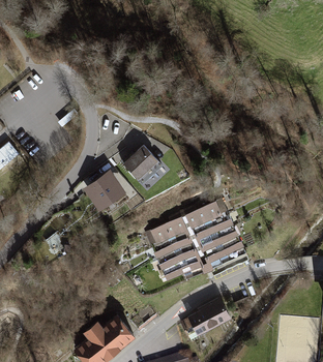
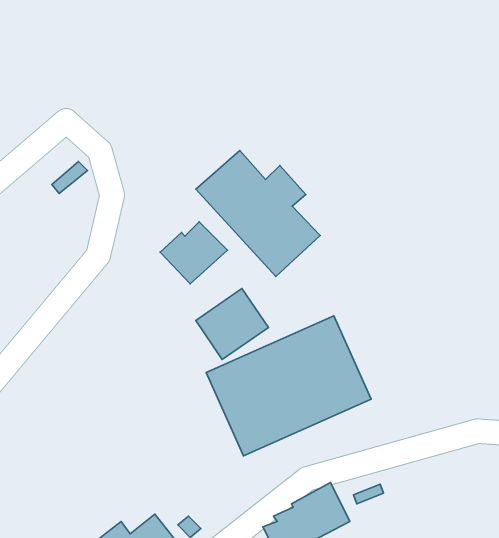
building: none -> [196,150,320,276]
building: [83,169,125,210] -> [196,289,268,359]

